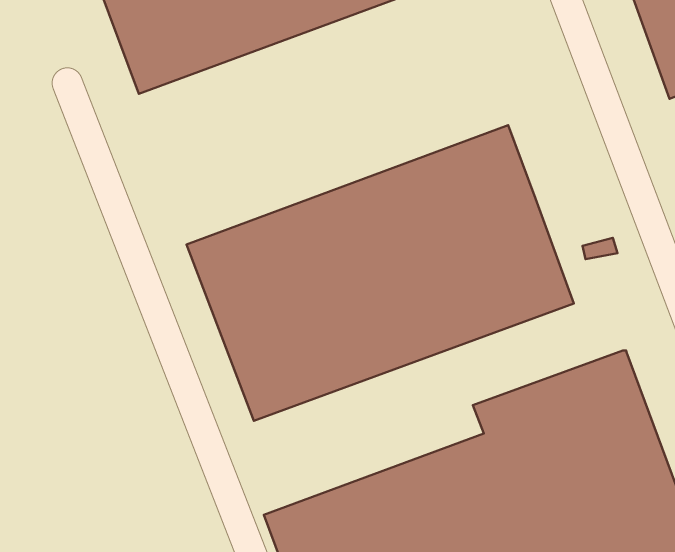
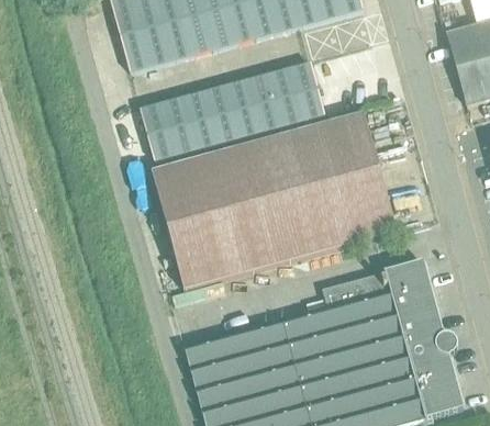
building: none -> [138,61,324,160]

